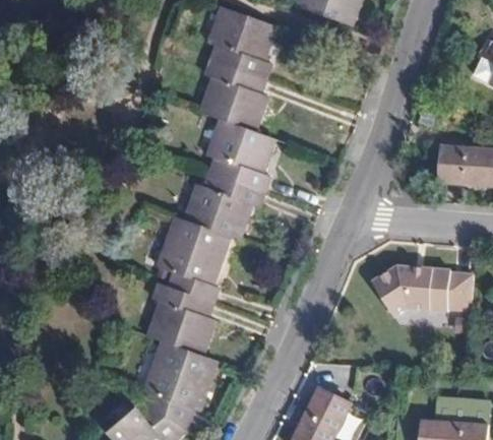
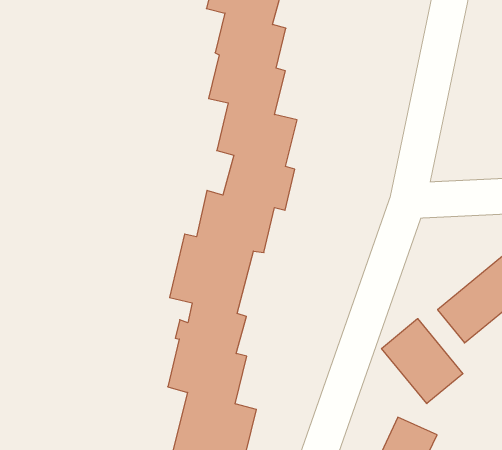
building: none -> [382,319,463,404]

